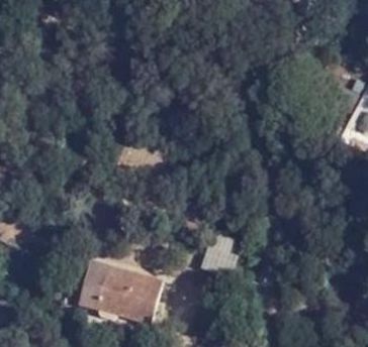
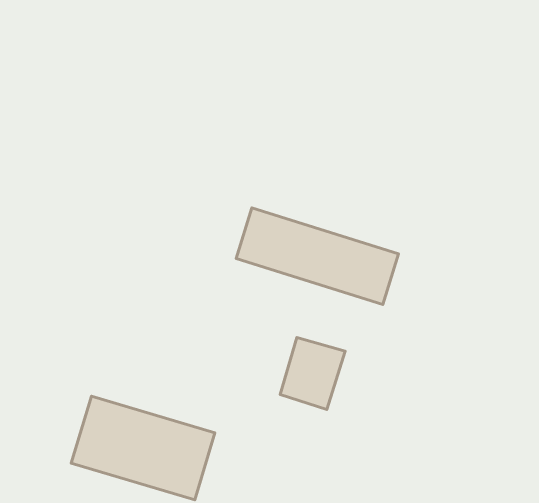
building: none -> [236,208,399,305]

